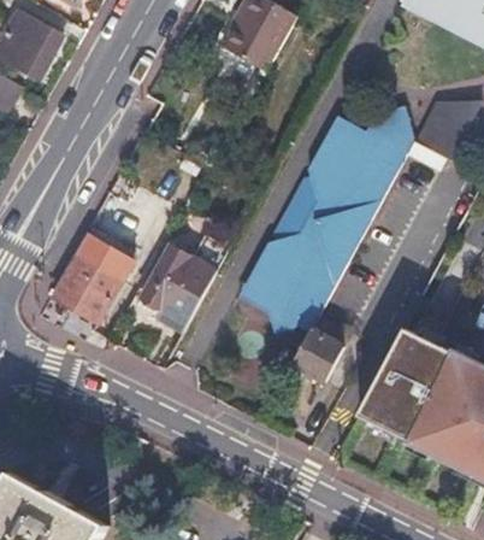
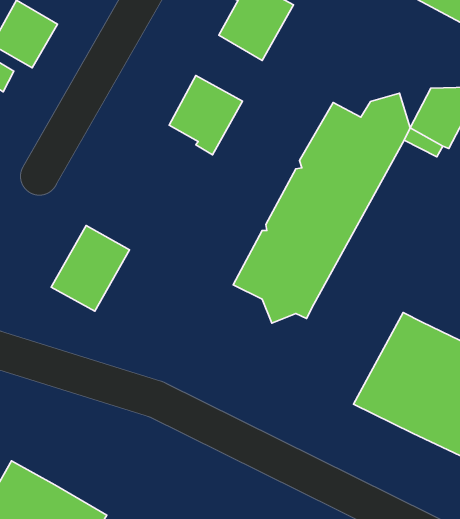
building: none -> [169,76,242,155]
building: [141,247,217,327] -> none
building: [290,316,349,383] -> none

